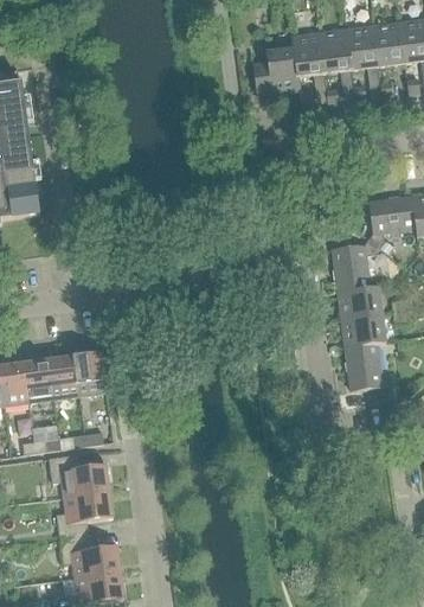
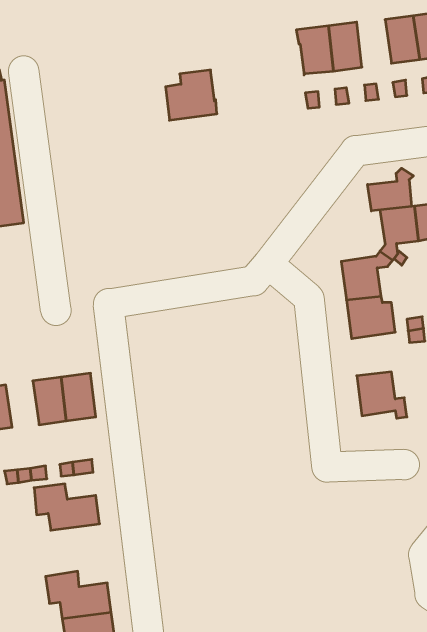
building: [346,26,378,70] -> none
building: [252,49,300,95] -> [166,70,217,120]
building: none -> [368,168,413,211]
building: [341,314,385,354] -> none
building: [23,359,53,402] -> none
building: [56,491,113,539] -> none

